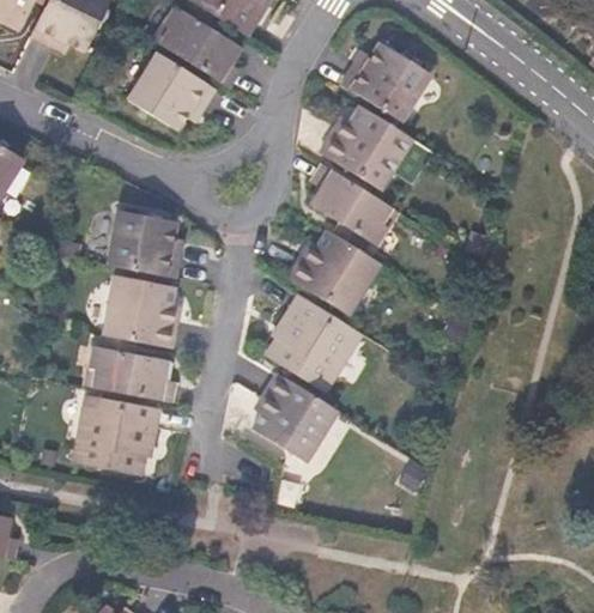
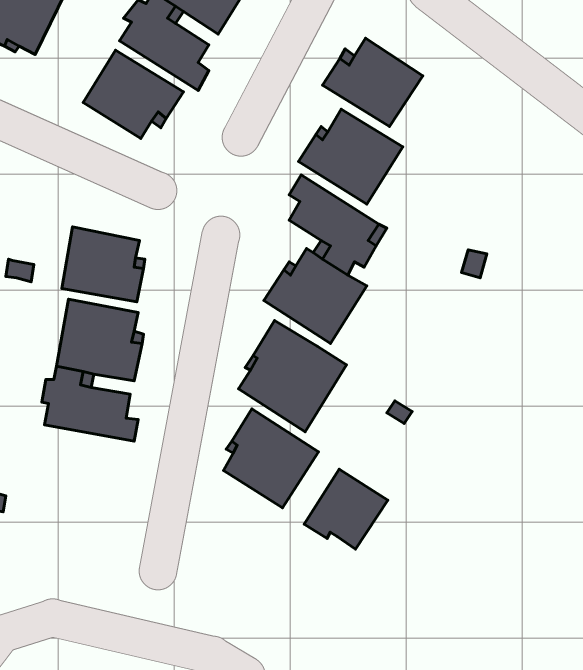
building: [73,394,160,474] -> none
building: none -> [304,469,388,549]

